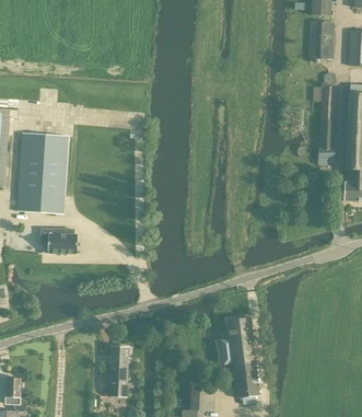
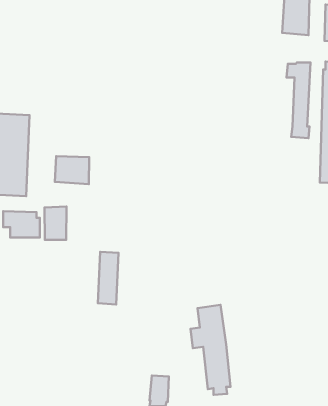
building: none -> [55,156,89,184]
building: none -> [44,206,67,240]
building: [108,345,128,395] -> [98,252,118,304]

